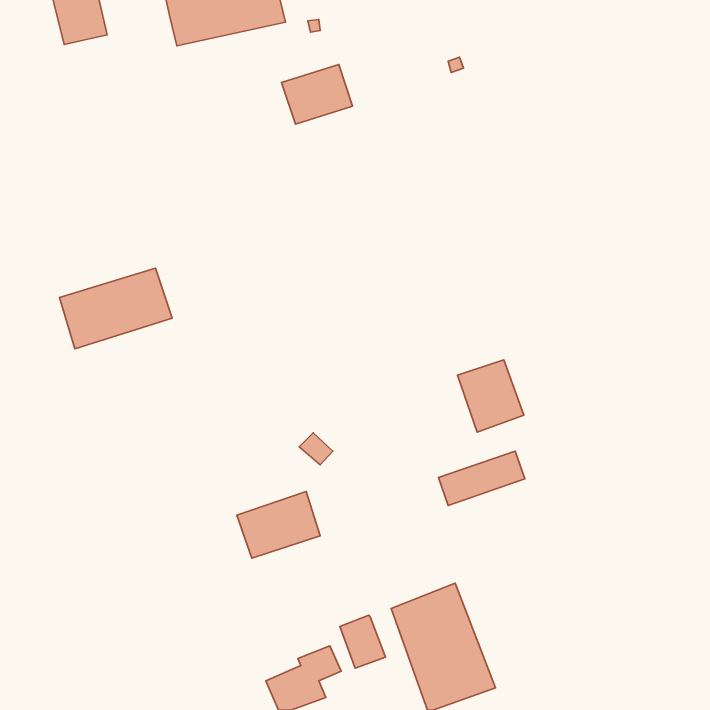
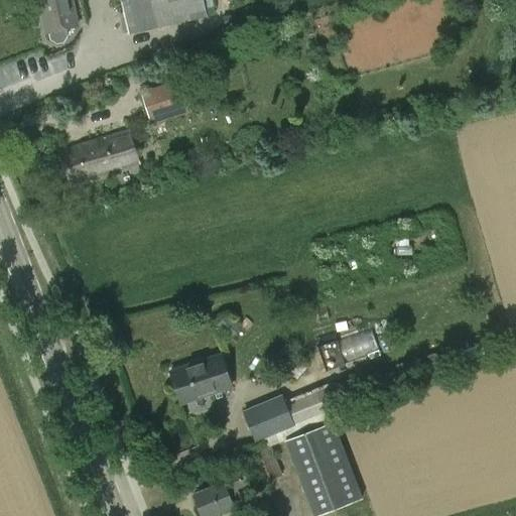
building: [282,64,353,124] -> [140,80,191,123]
building: [60,268,172,349] -> [60,128,142,186]
building: [457,360,524,432] -> none
building: none -> [243,385,340,439]

